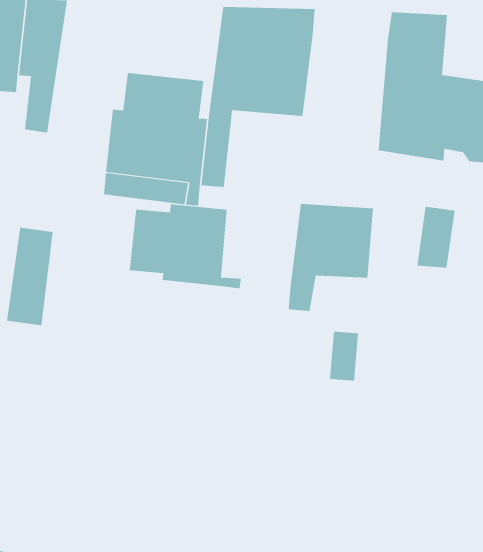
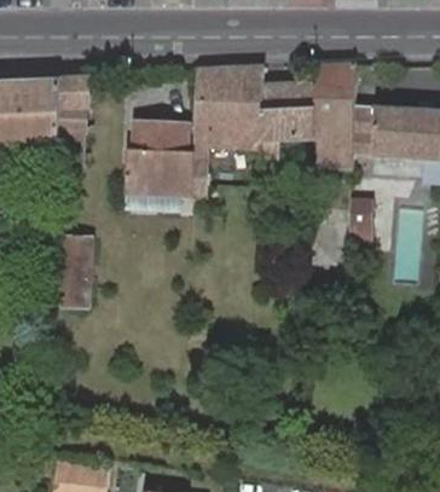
building: [129,203,241,289] -> none
building: [288,204,374,311] -> [256,83,311,160]

